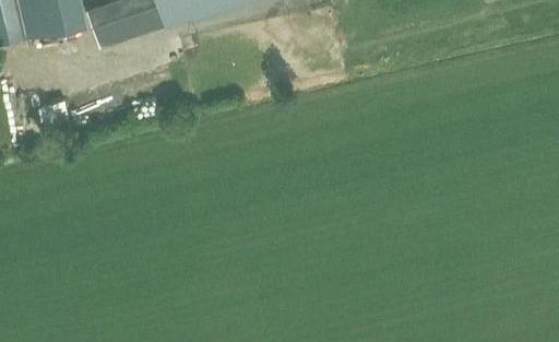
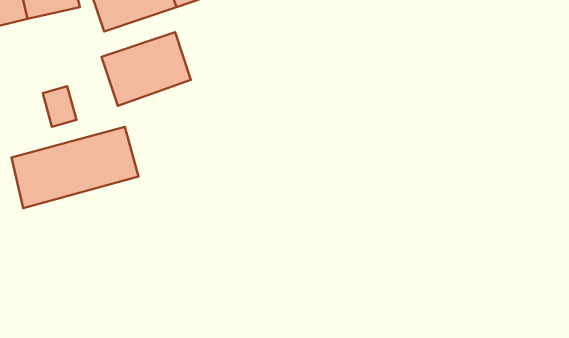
building: none -> [102,32,191,106]
building: none -> [12,127,139,208]

